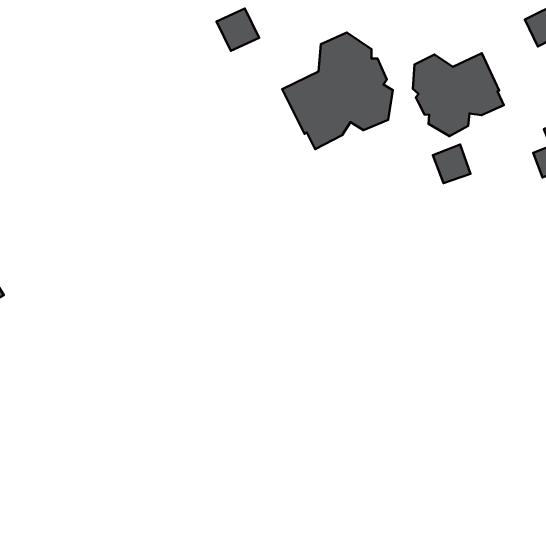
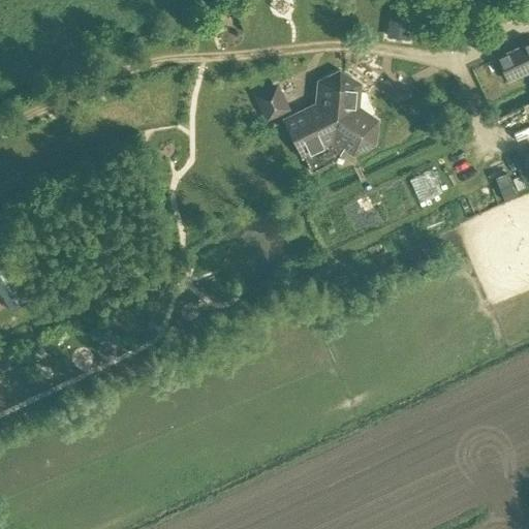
building: [217,9,259,51] -> [251,85,288,122]
building: [413,53,504,136] -> none

